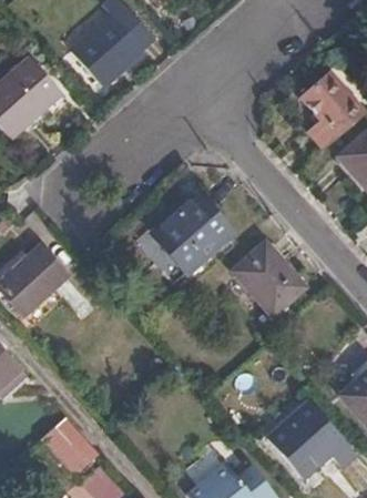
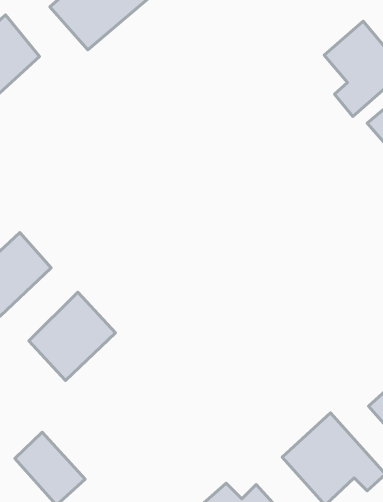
building: [152,195,230,270] -> none
building: [234,241,307,316] -> none
building: none -> [29,292,115,380]

